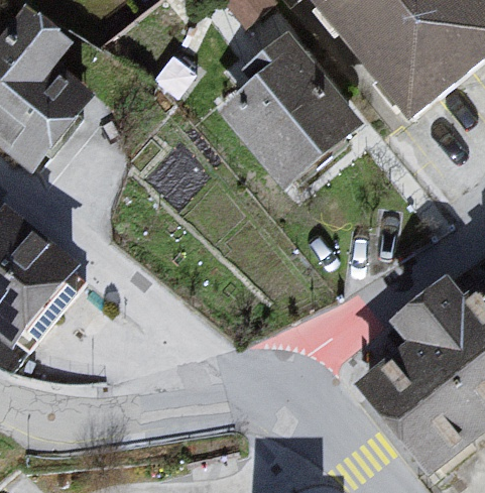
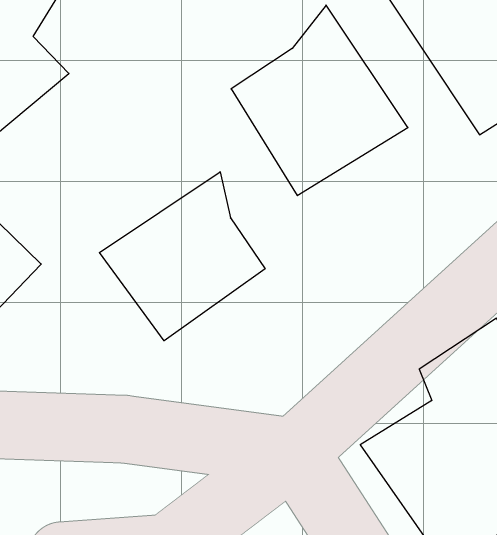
building: none -> [99,172,265,341]

